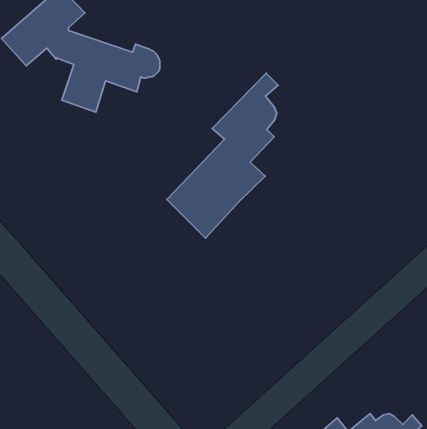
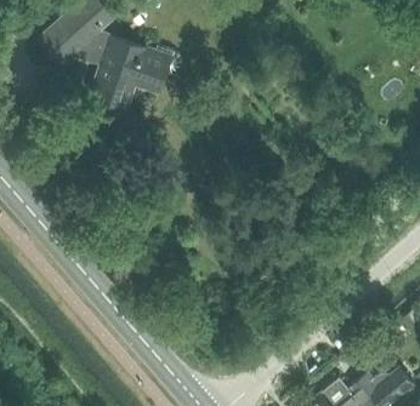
building: [167,73,278,238] -> none

